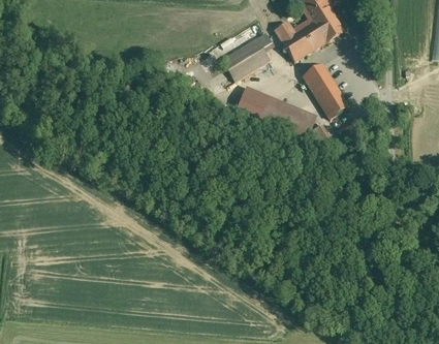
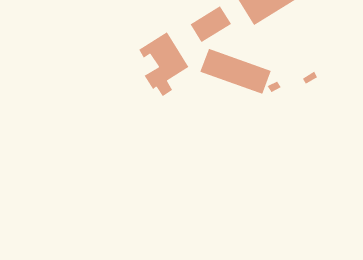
building: [303,63,349,118] -> none
building: none -> [138,31,189,97]

